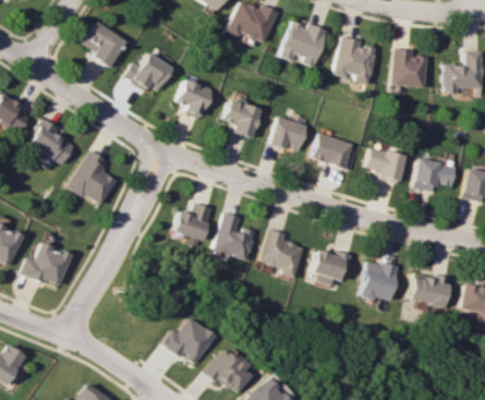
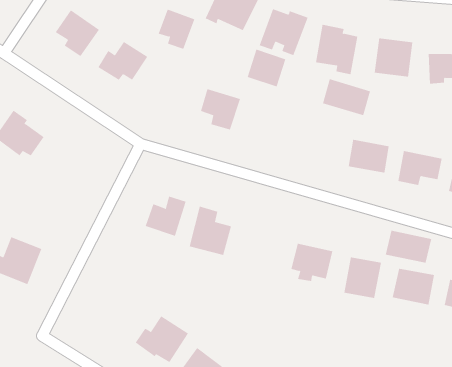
building: [177,78,213,118] -> [158,9,195,49]
building: [270,116,308,153] -> [247,49,286,87]
building: [313,134,360,170] -> [322,79,371,116]
building: [65,149,113,205] -> none
building: [258,228,304,279] -> none
building: none -> [385,230,432,264]

